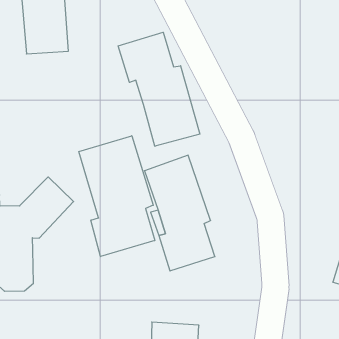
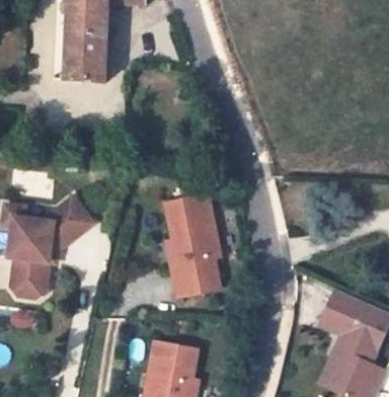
building: [118,32,200,146] -> none
building: [79,136,155,257] -> none

